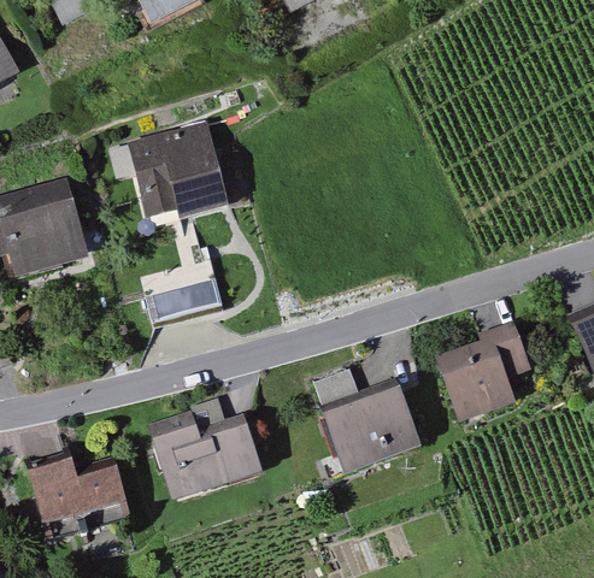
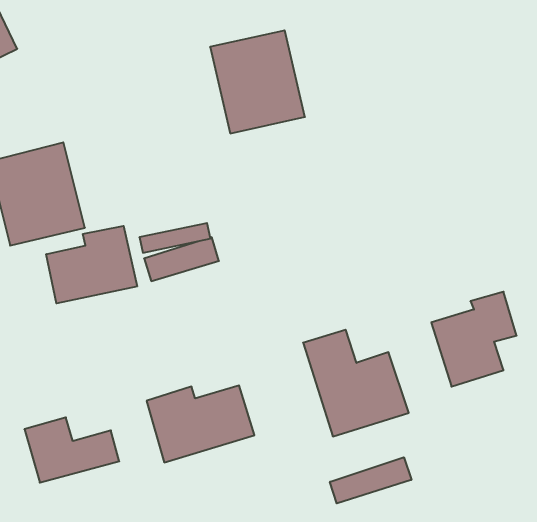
building: [130,120,227,225] -> [210,30,305,133]
building: none -> [46,226,137,303]
building: none -> [330,457,411,503]

